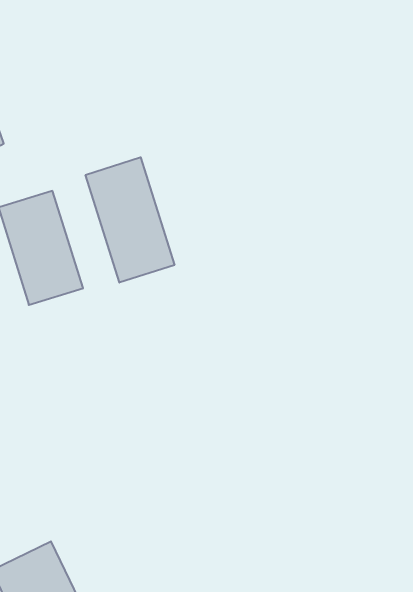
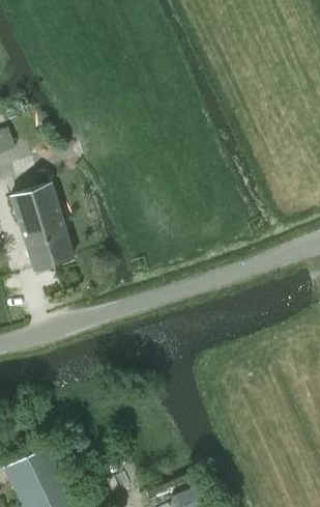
building: [86,157,174,283] -> none

